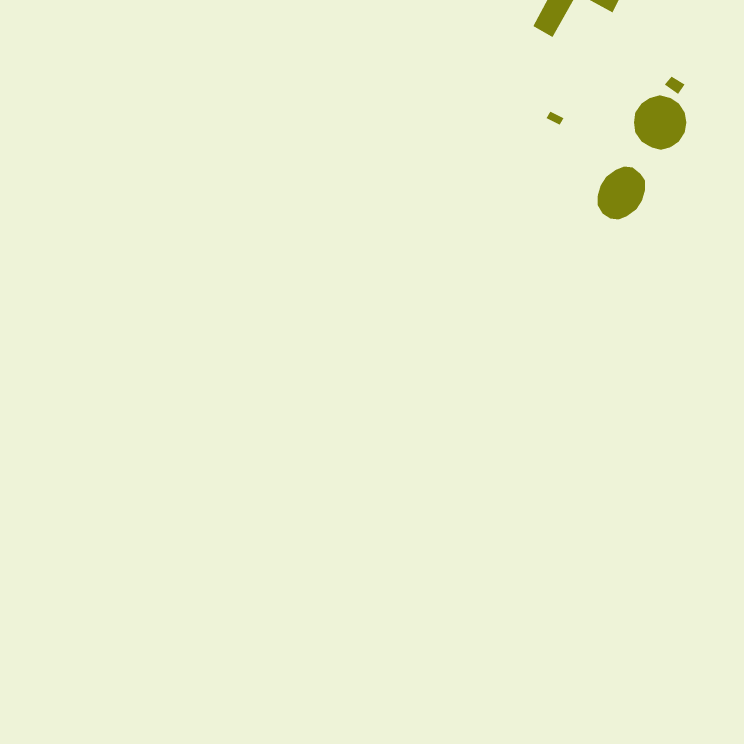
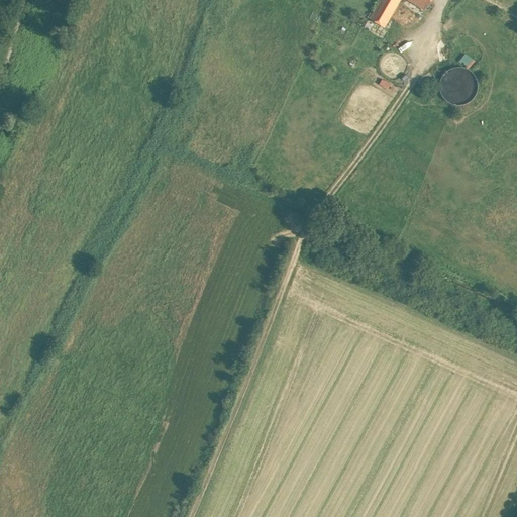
building: [597,166,646,220] -> none

